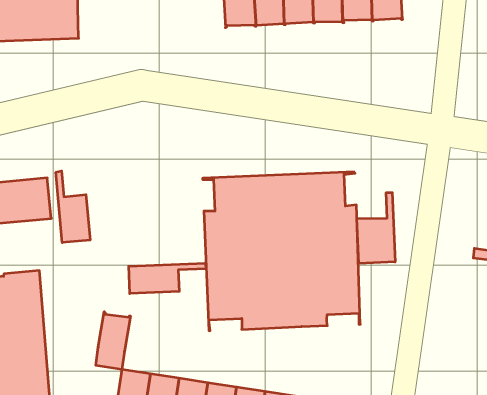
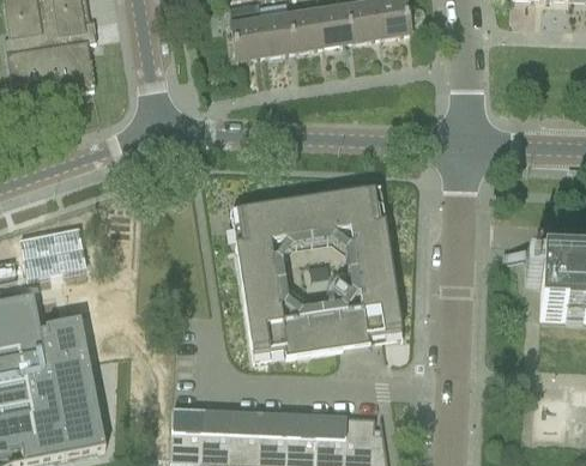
building: [56,171,90,243] -> none
building: [357,193,395,263] -> none
building: [129,263,206,294] -> none
building: [96,312,130,370] -> none

